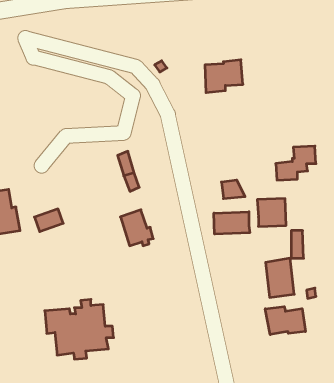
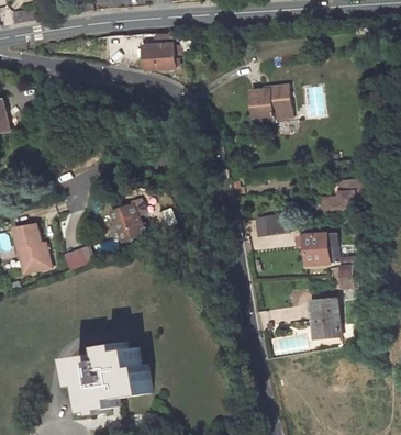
building: none -> [145,44,176,70]
building: [120,210,153,246] -> [111,202,146,241]
building: [214,212,250,234] -> none
building: [265,307,305,335] -> none

